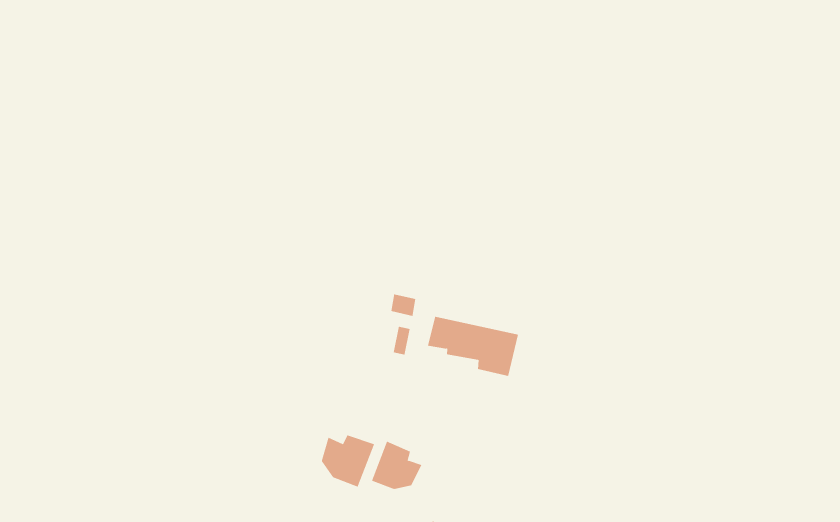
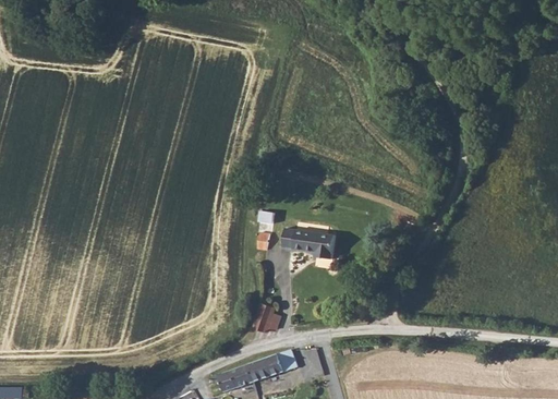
building: [321,435,375,487] -> none

